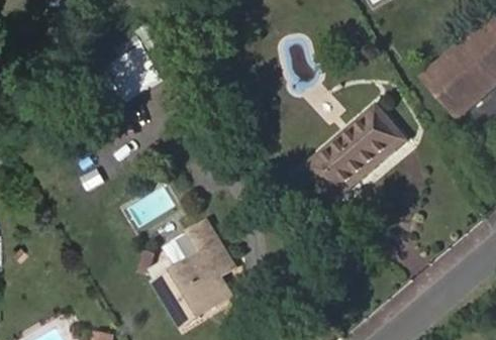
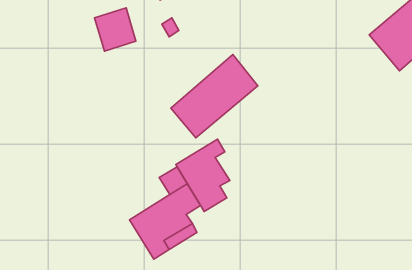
building: [306,104,404,198] -> [171,54,258,138]
building: none -> [176,139,230,212]

